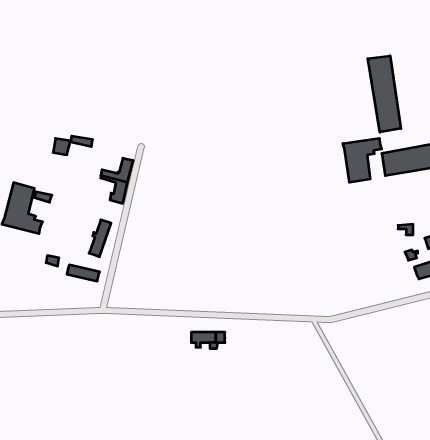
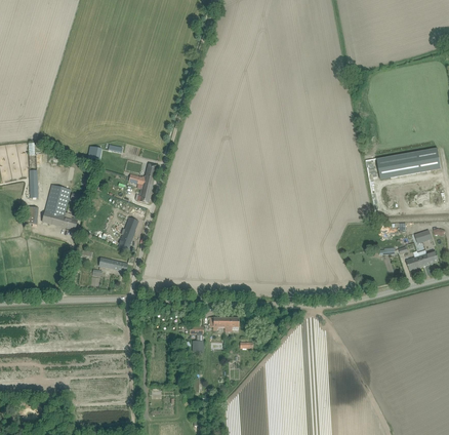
building: [368,56,401,132] -> none
building: [343,138,382,182] -> none

